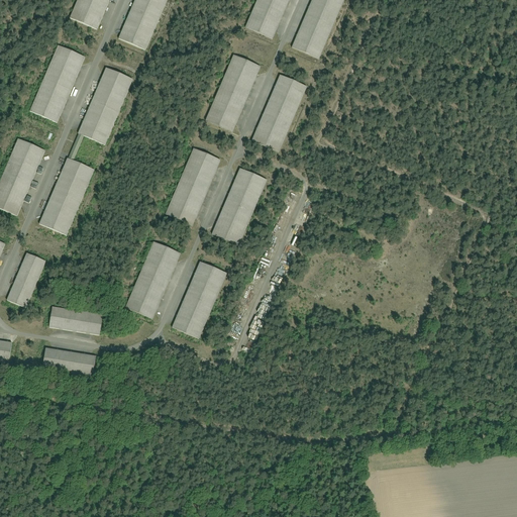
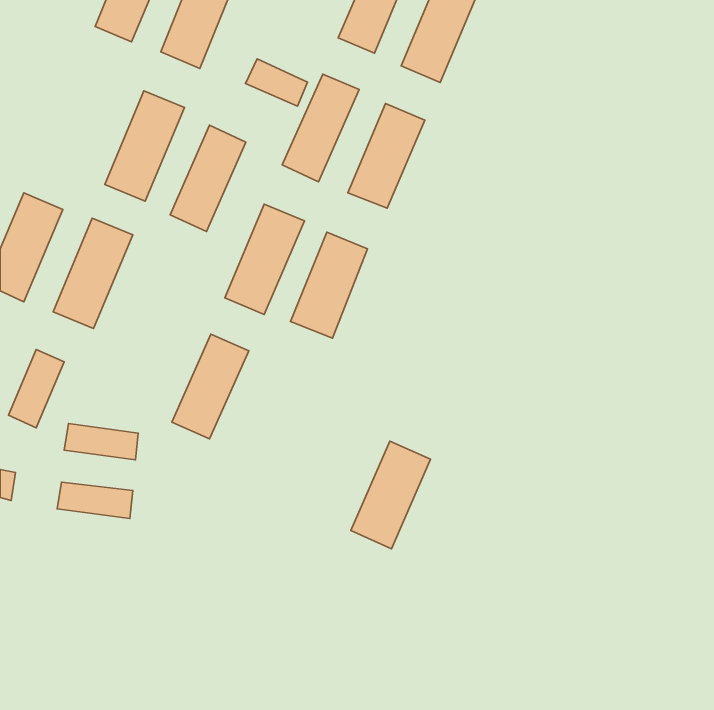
building: none -> [246,59,308,106]
building: [30,43,85,120] -> [170,125,246,231]
building: [171,261,228,338] -> [351,441,430,549]

